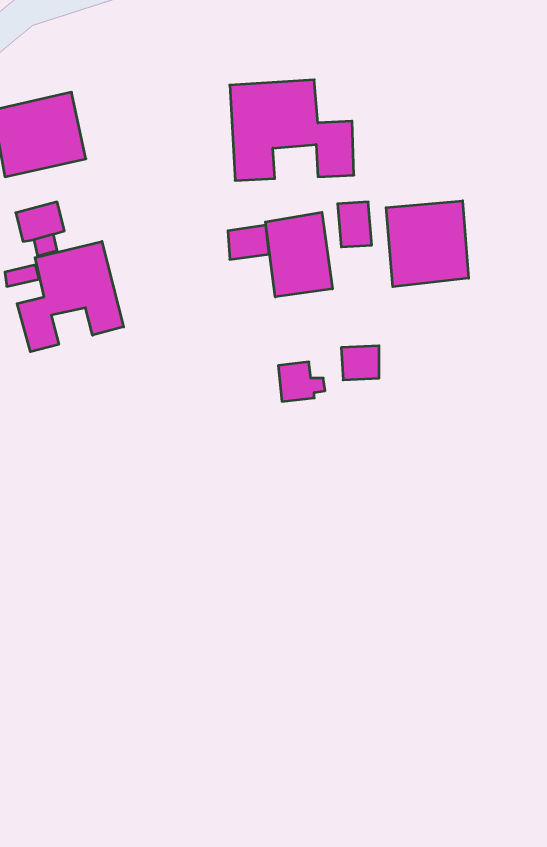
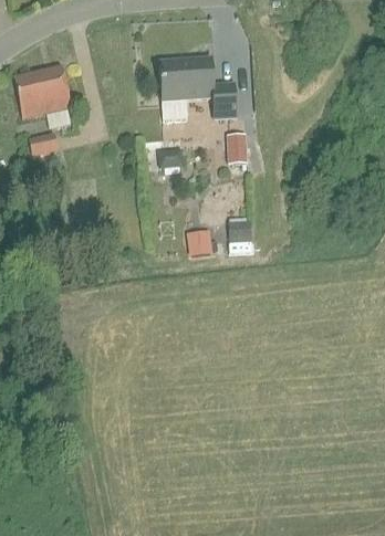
building: [386,201,469,287] -> none
building: [265,212,332,297] -> none
building: [17,241,124,352] -> none

